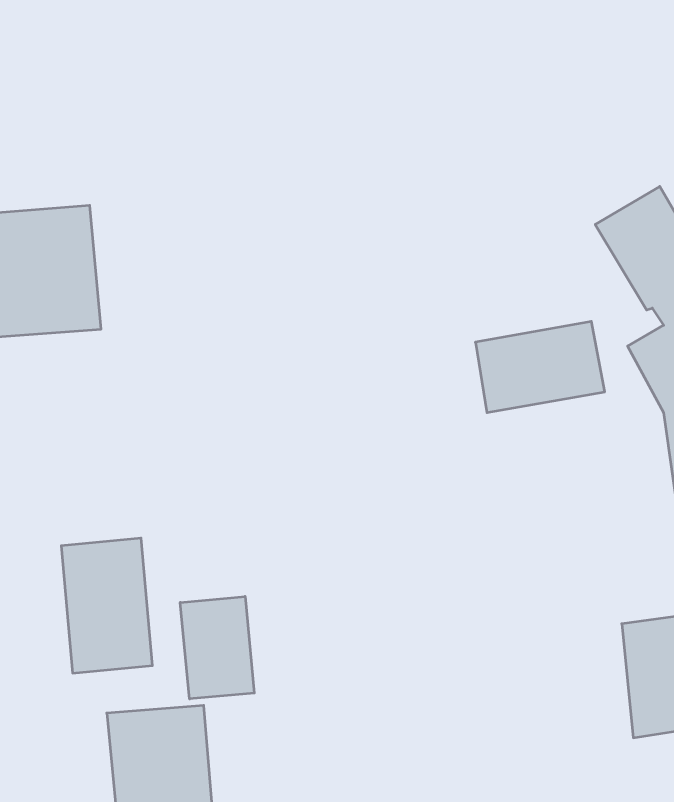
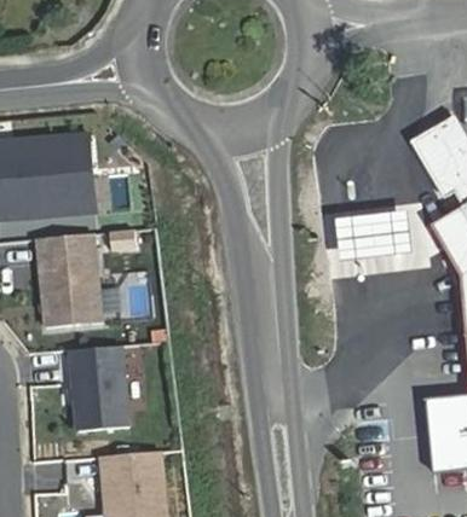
building: none -> [36,232,102,325]
building: [180,596,254,699] -> none

